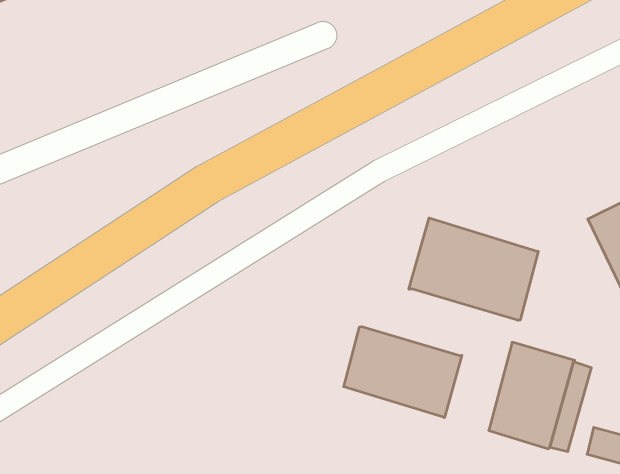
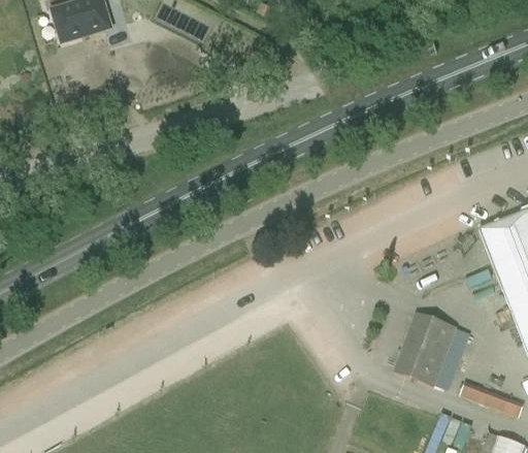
building: [409,218,538,320] -> none
building: [344,327,462,418] -> none

